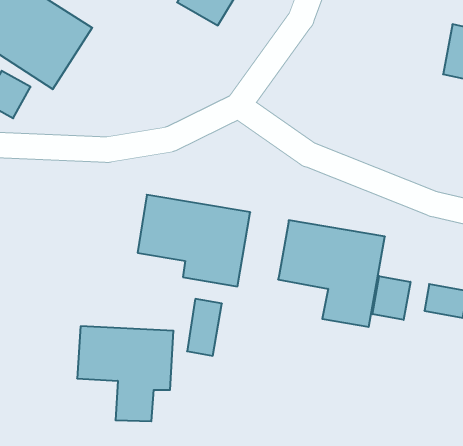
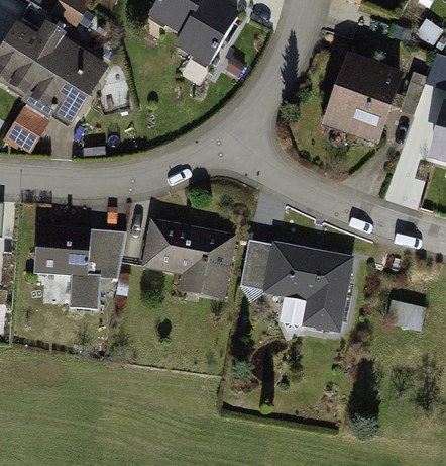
building: none -> [323,58,397,143]
building: [372,276,410,320] -> none
building: [187,299,222,356] -> [241,237,271,286]
building: [77,326,174,421] -> [35,228,119,311]

